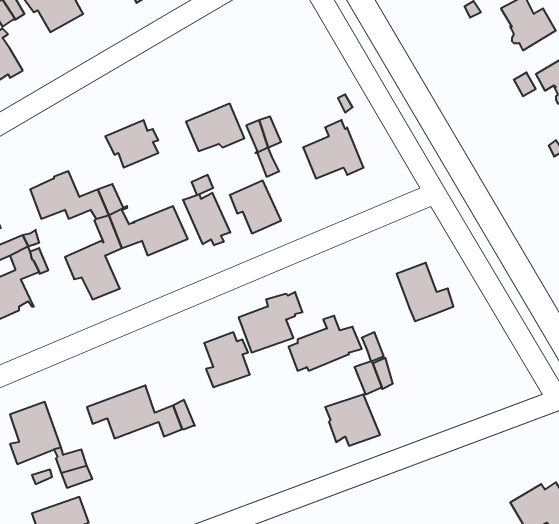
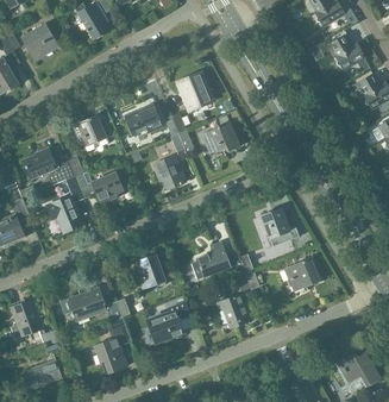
building: none -> [178,71,213,112]
building: [183,193,230,245] -> none
building: [239,292,303,352] -> [150,302,192,341]
building: none -> [284,258,320,291]
building: none -> [93,319,131,372]

